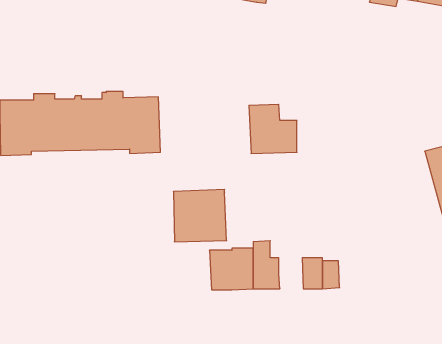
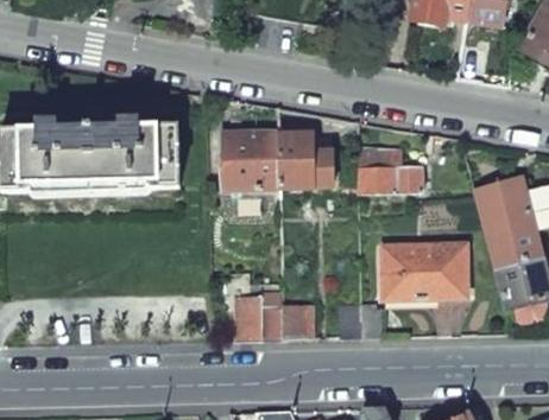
building: none -> [358,147,423,193]
building: [173,189,227,242] -> [221,131,280,189]
building: none -> [381,243,466,298]

